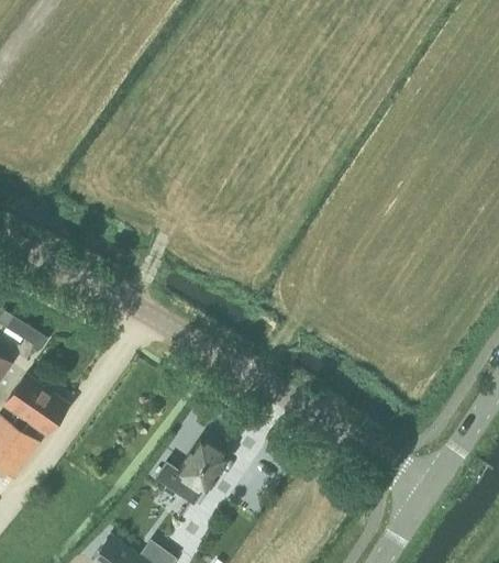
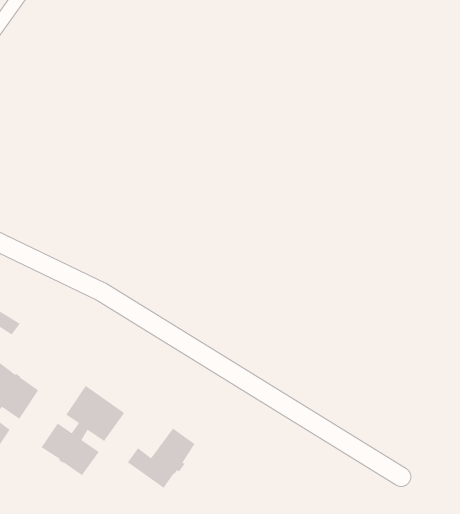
building: none -> [40,385,125,476]

